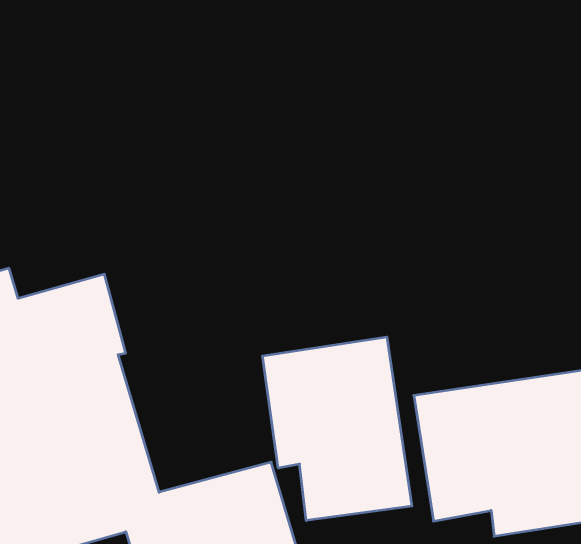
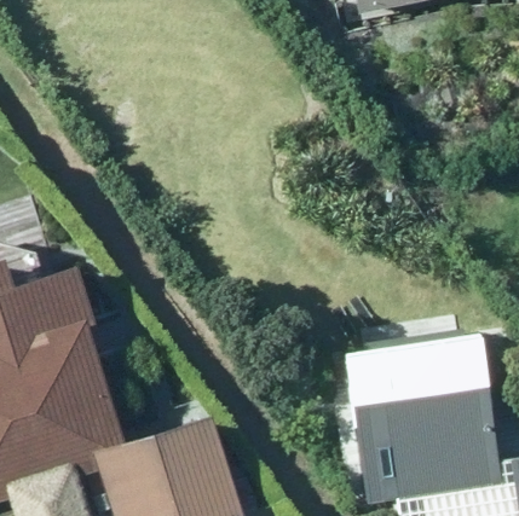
building: [263,337,412,521] -> none

